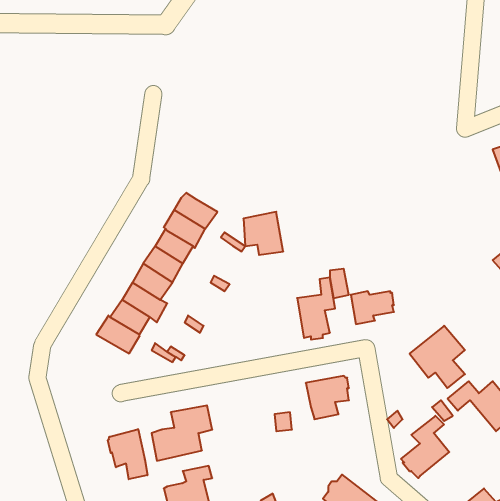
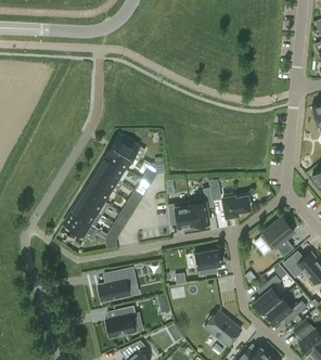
building: [243,212,283,255] -> [168,201,193,228]
building: [108,429,147,479] -> none
building: none -> [266,295,307,323]

